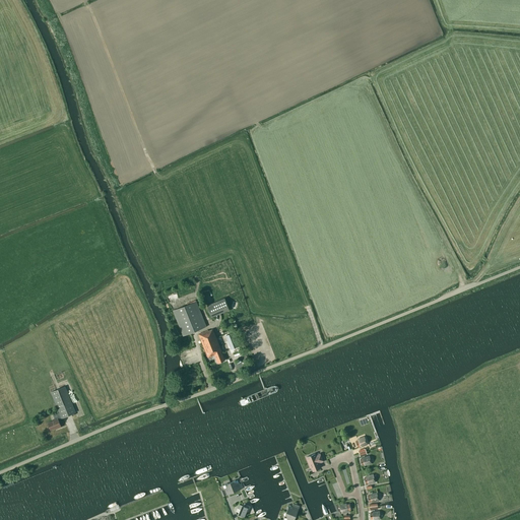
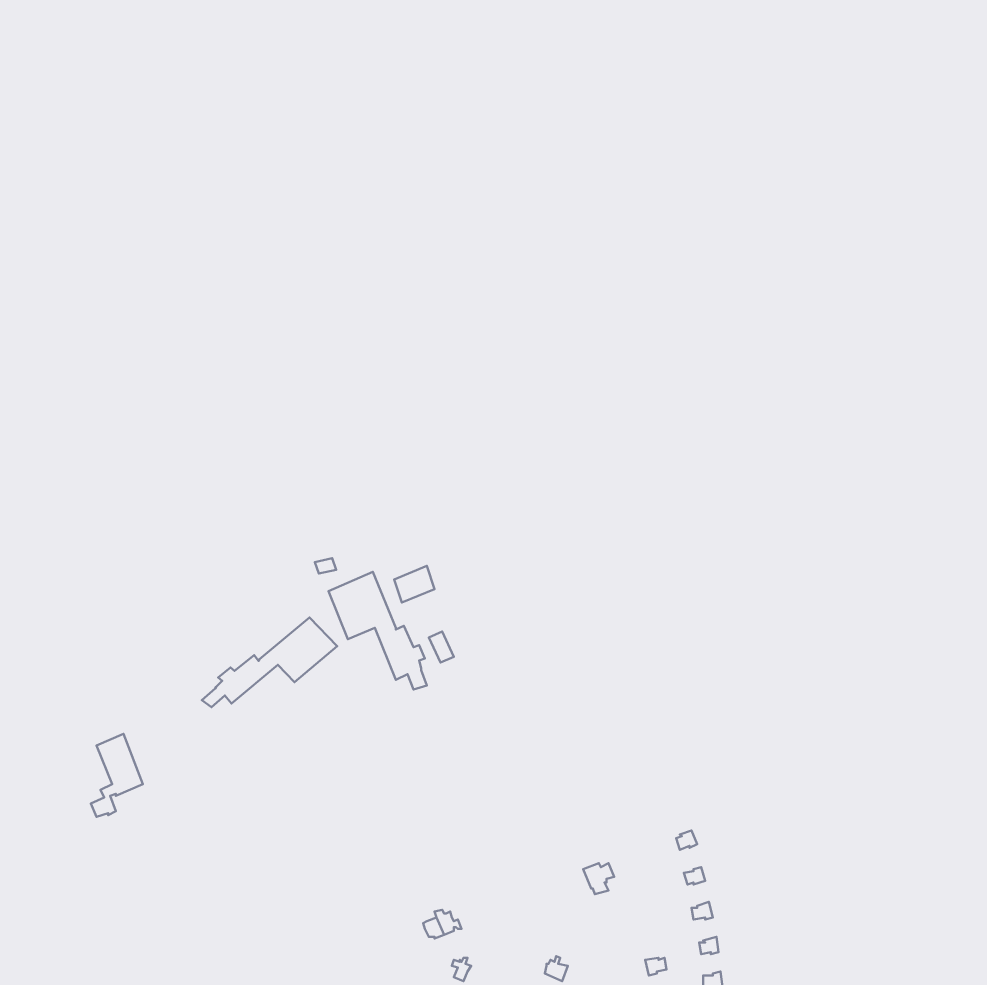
building: none -> [202,618,337,707]

